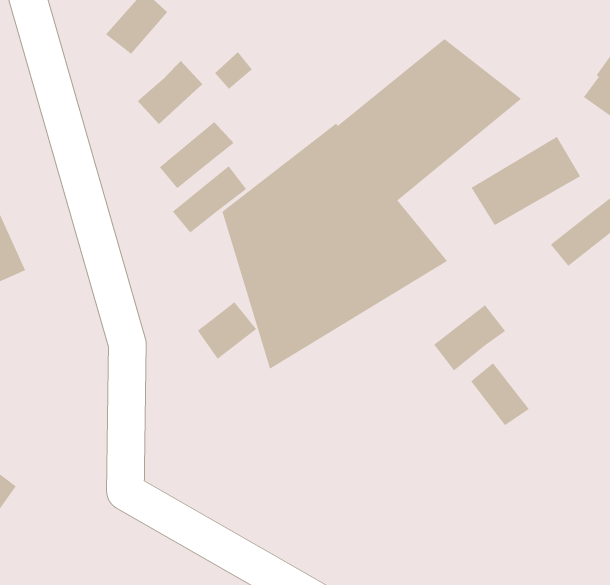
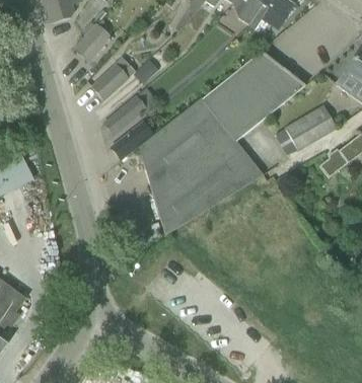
building: [197,301,257,360] -> none
building: [433,304,506,372] -> none
building: [470,362,530,426] -> none

